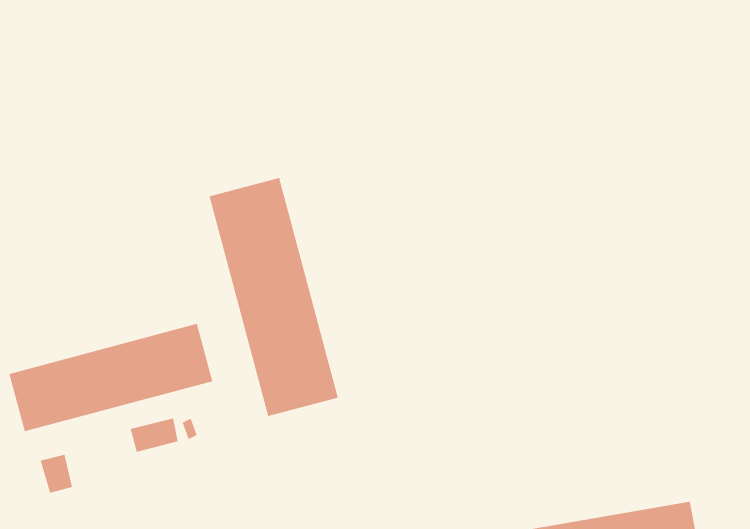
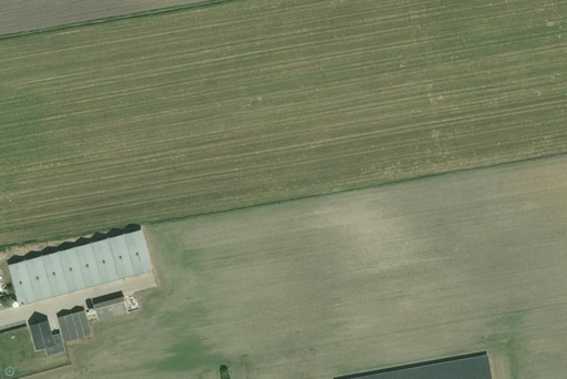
building: [209,177,338,417] -> none
building: none -> [58,311,91,342]

